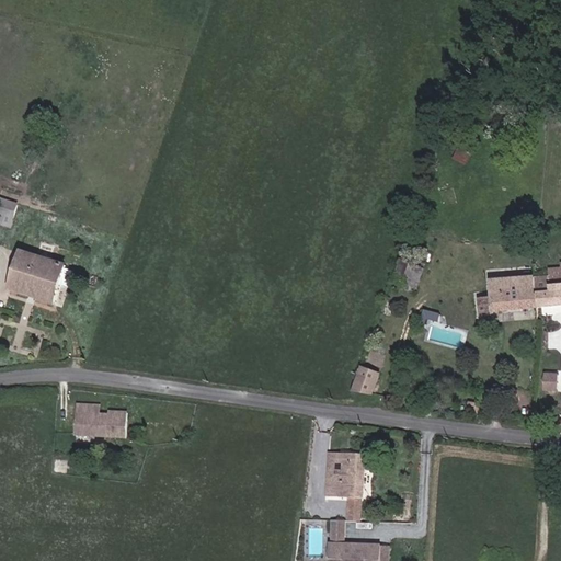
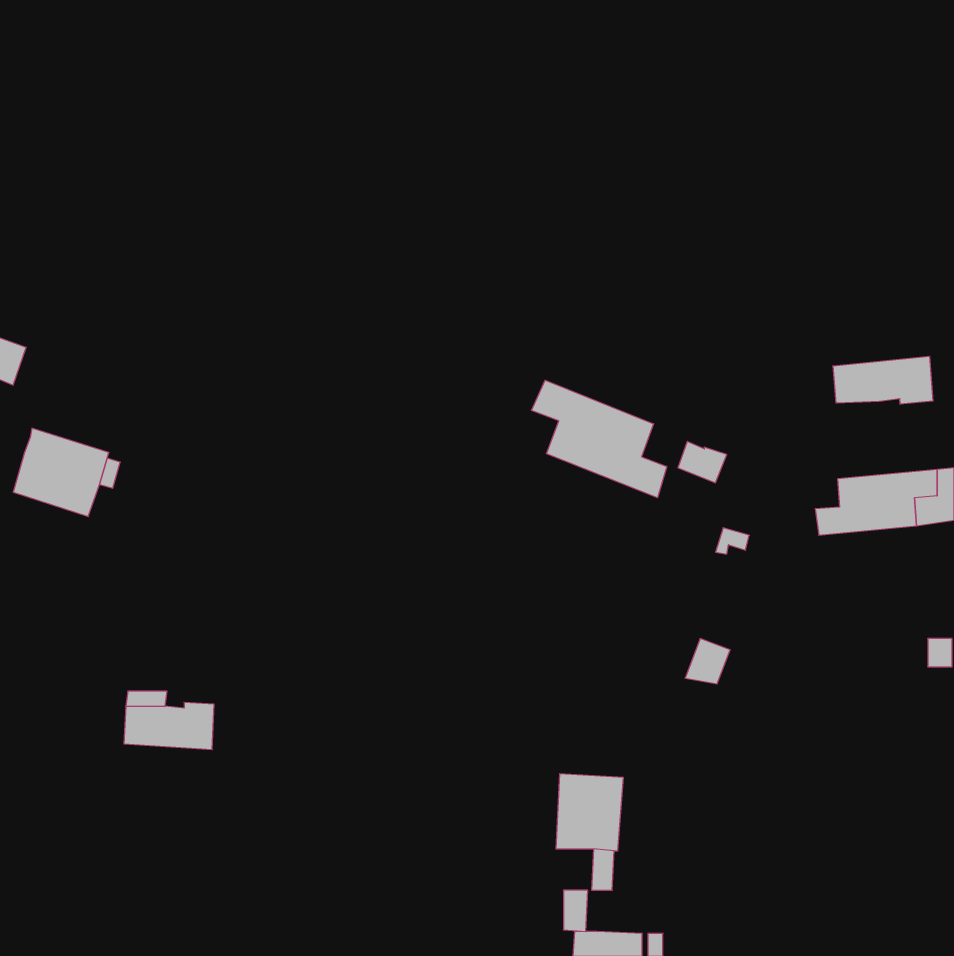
building: none -> [833,356,933,404]
building: none -> [531,380,667,498]
building: [351,366,377,392] -> [685,639,730,684]

